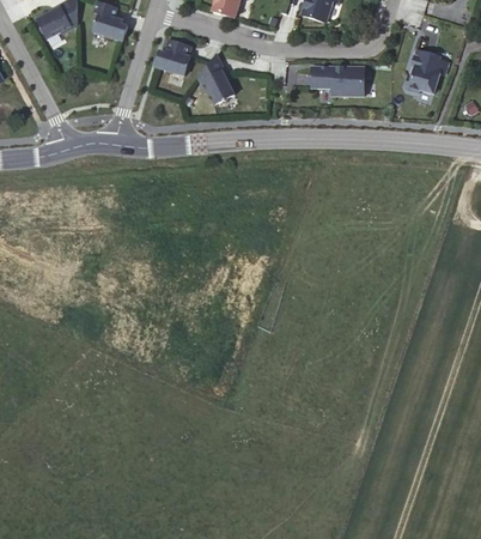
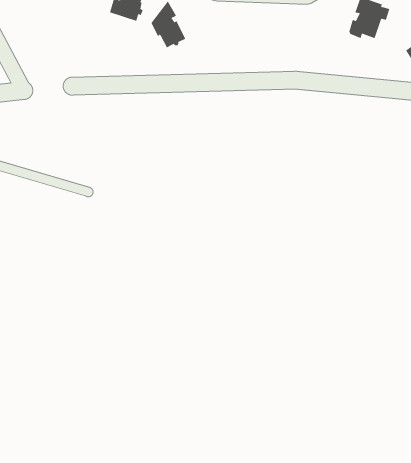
building: [311,65,364,95] -> none

